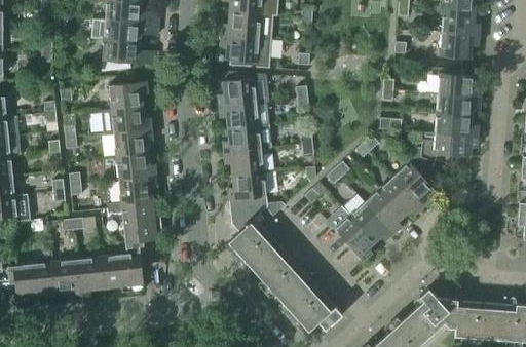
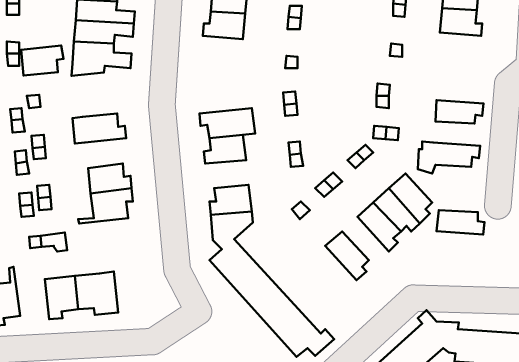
building: [440,32,479,60] -> none
building: [221,35,259,63] -> none
building: [438,70,482,98] -> none
building: [218,72,269,107] -> none
building: [109,82,148,110] -> [21,45,64,75]
building: [435,114,479,137] -> [437,210,484,235]
building: [113,129,152,157] -> none
building: [224,150,264,176] -> none
building: [350,202,393,242] -> none
building: [108,203,163,255] -> none
building: [47,248,80,298] -> none

